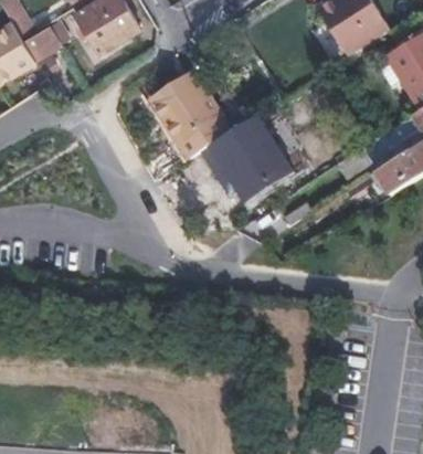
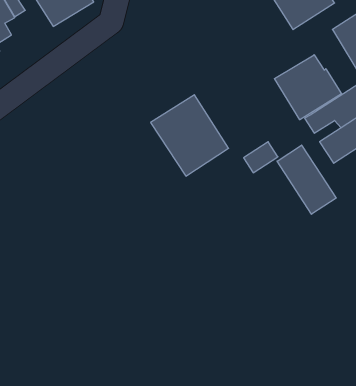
building: [152,74,230,157] -> none
building: none -> [274,55,341,120]
building: none -> [277,145,336,214]

